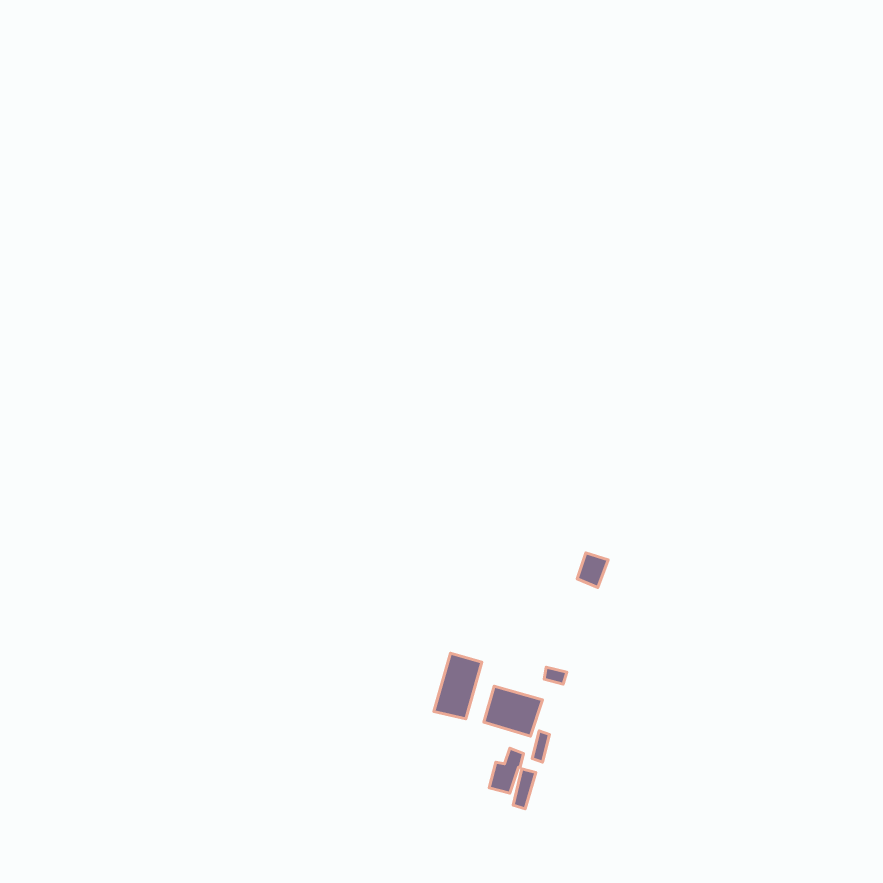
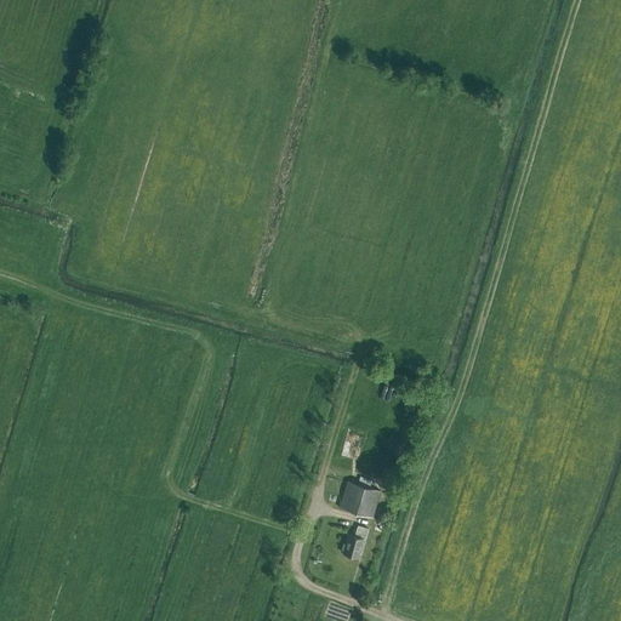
building: [434,653,482,719] -> none

